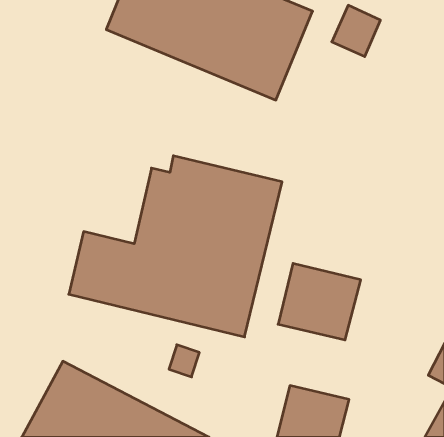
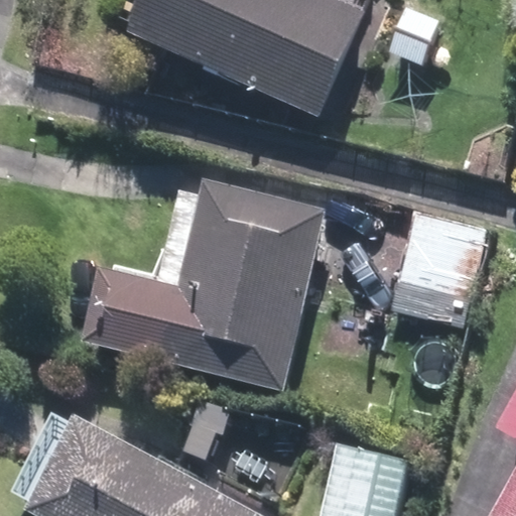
building: [278,263,361,340] -> [395,211,491,299]

